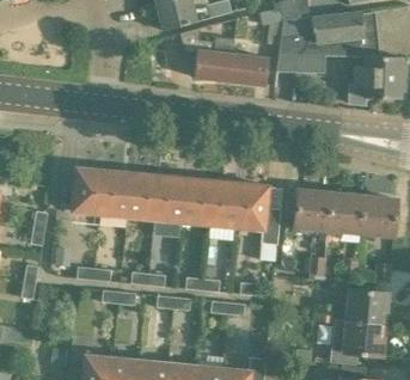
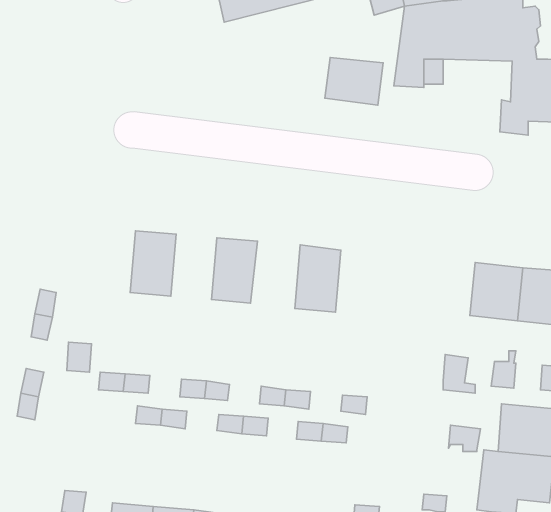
building: [179,27,234,81] -> none
building: [72,167,102,213] -> none
building: [126,173,157,217] -> none
building: [179,178,213,223] -> none
building: [237,184,281,244] -> none
building: [294,189,331,228] -> none

